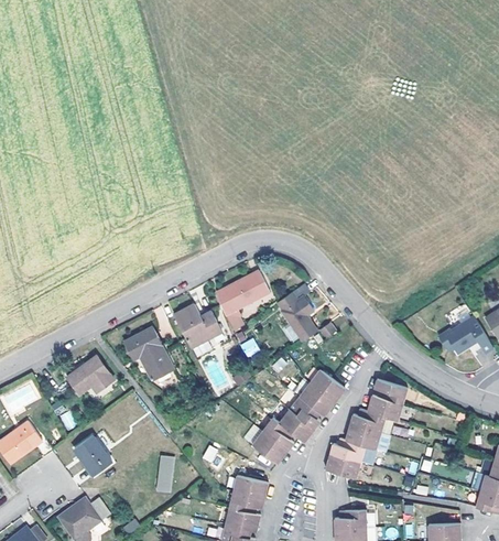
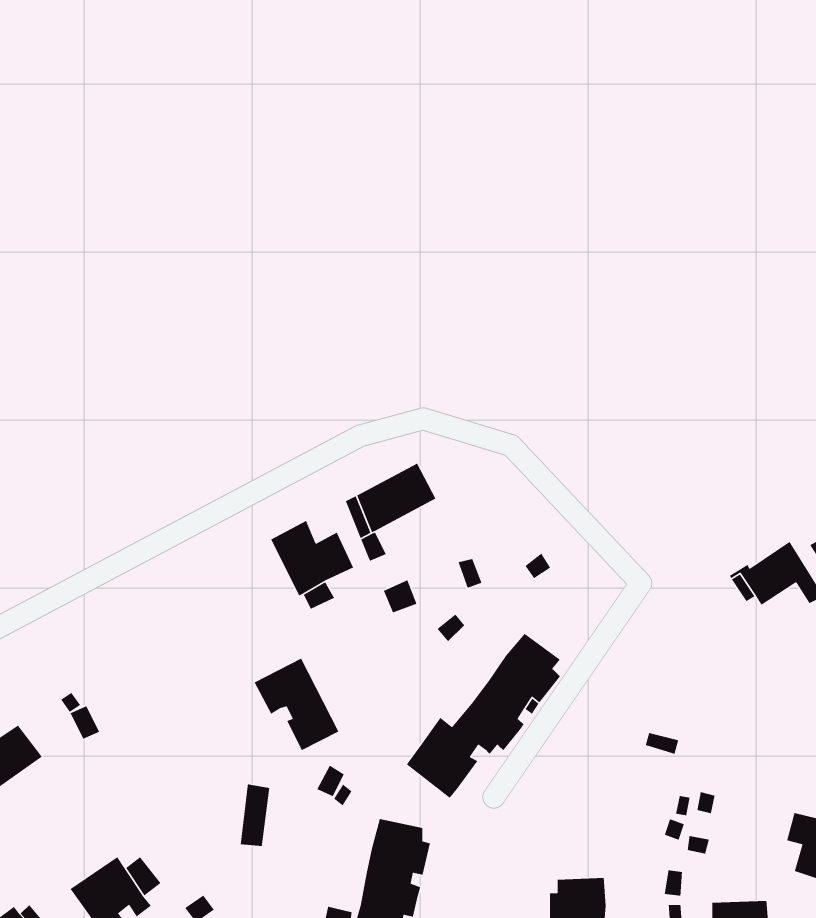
building: [278,291,318,340] -> none
building: [124,326,174,380] -> [254,657,340,751]
building: [67,356,115,393] -> none
building: [327,378,408,477] -> none
building: [75,435,112,475] -> none

